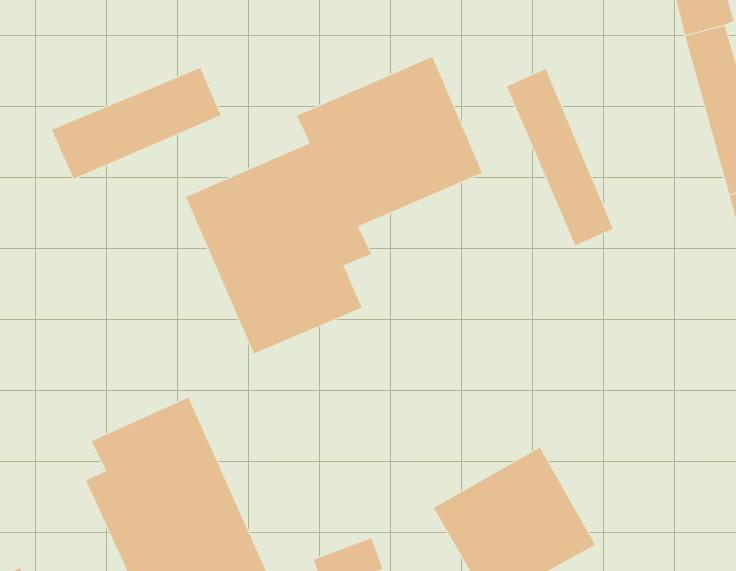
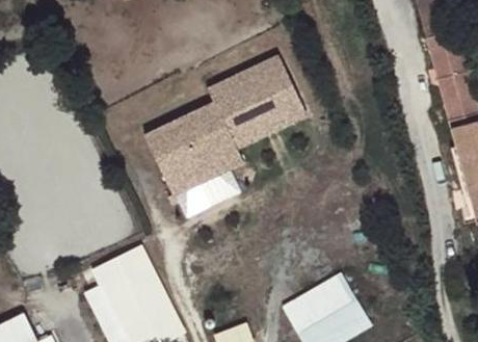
building: [51,67,221,179] -> none
building: [506,68,614,246] -> none

